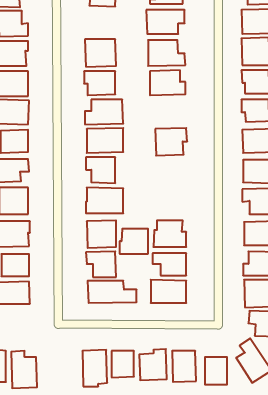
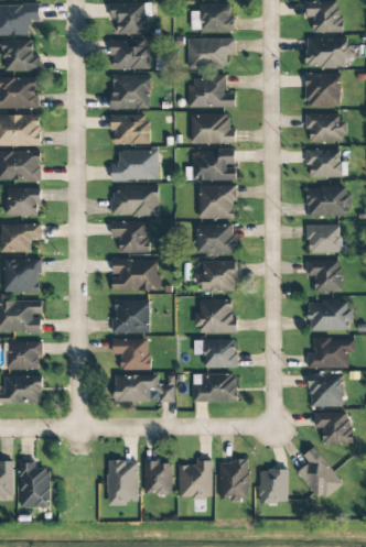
building: none -> [110,40,149,69]
building: none -> [192,150,236,180]
building: none -> [196,223,235,254]
building: [120,229,148,254] -> [201,261,236,292]

